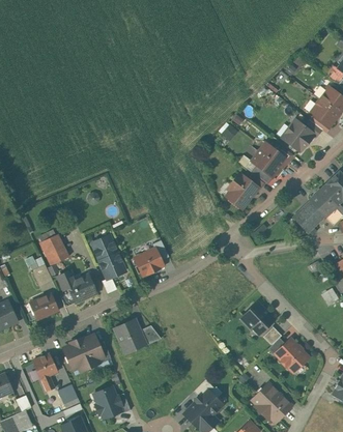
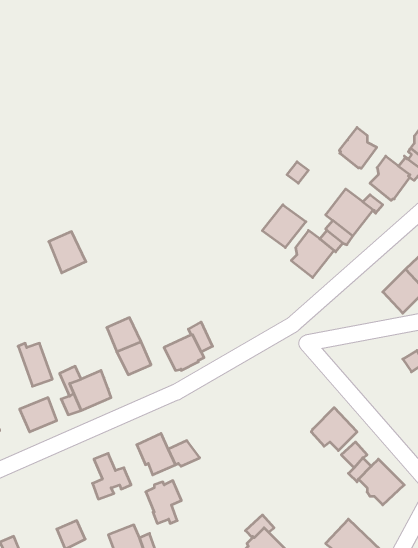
building: none -> [339,127,377,168]
building: none -> [262,205,306,248]
building: [42,235,69,265] -> [49,232,86,273]
building: [64,339,90,370] -> [146,481,181,523]
building: [33,353,57,391] -> none

